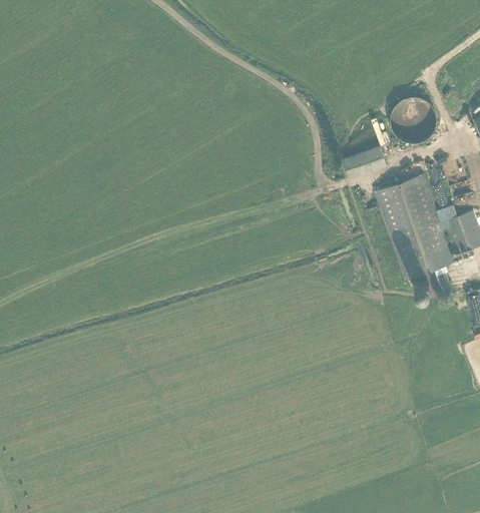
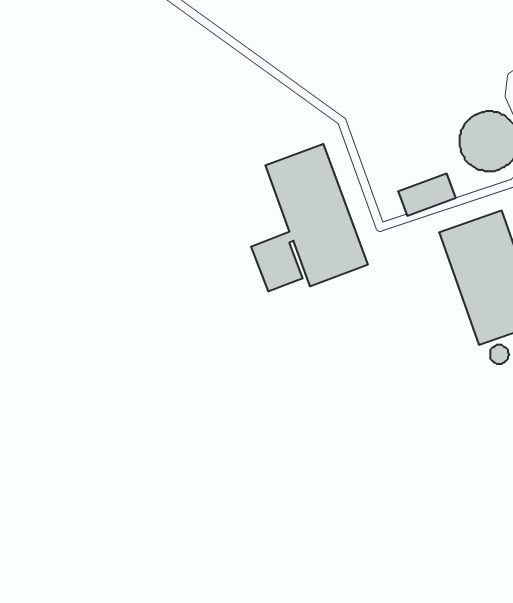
building: none -> [251,144,368,291]

